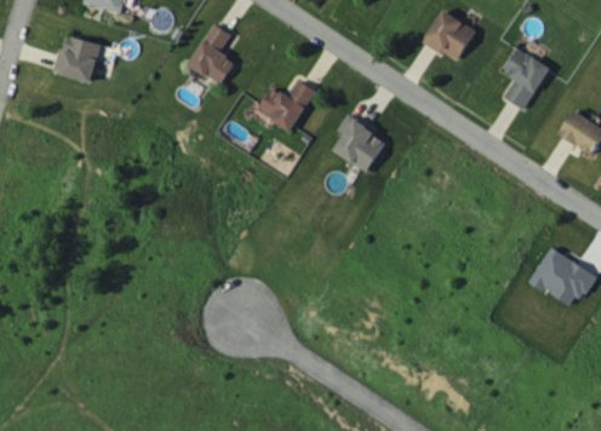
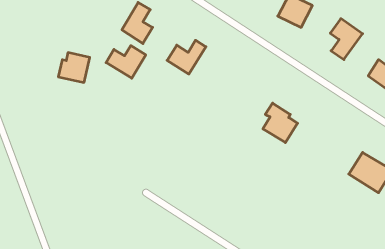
building: [53,36,101,81] -> [58,53,90,82]
building: none -> [106,46,146,78]
building: [333,113,385,172] -> [263,103,298,143]

